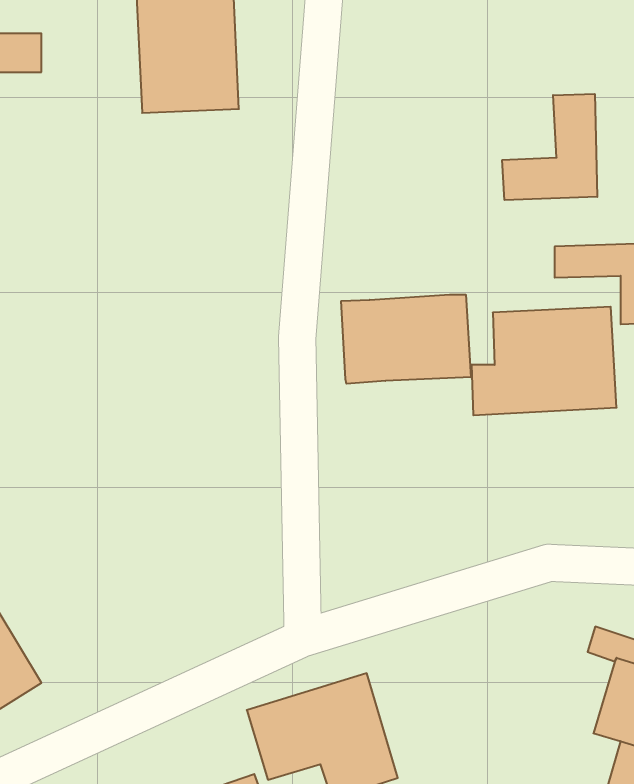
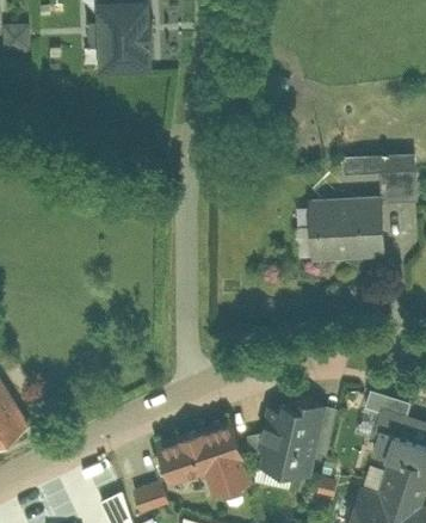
building: [502,94,597,200] -> none
building: [341,295,471,384] -> none
building: none -> [254,398,327,479]

